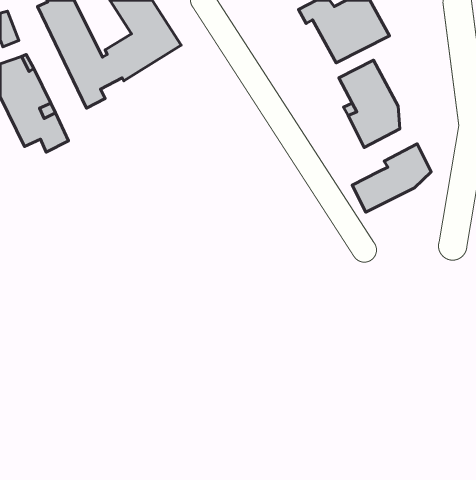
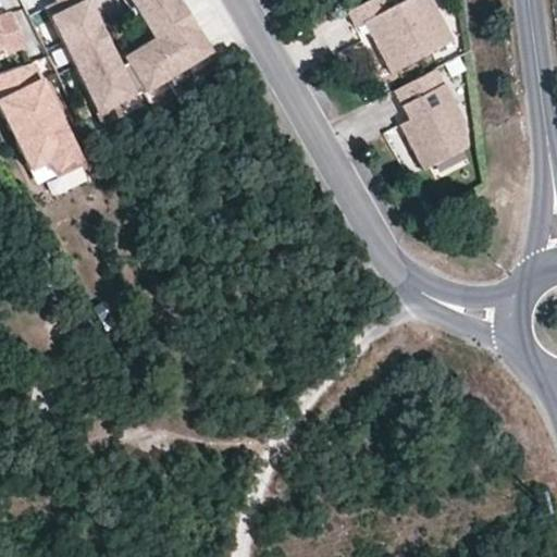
building: [352,144,431,212] -> none

